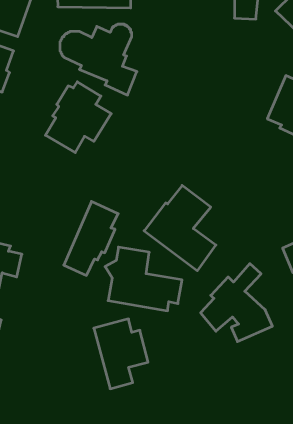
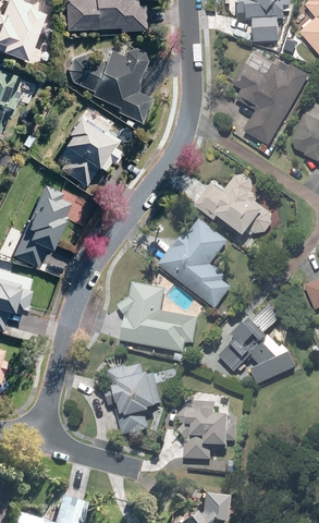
building: none -> [235,65,308,147]
building: none -> [177,174,271,238]
building: [64,201,118,275] -> [14,187,72,266]
building: none -> [179,396,237,460]

